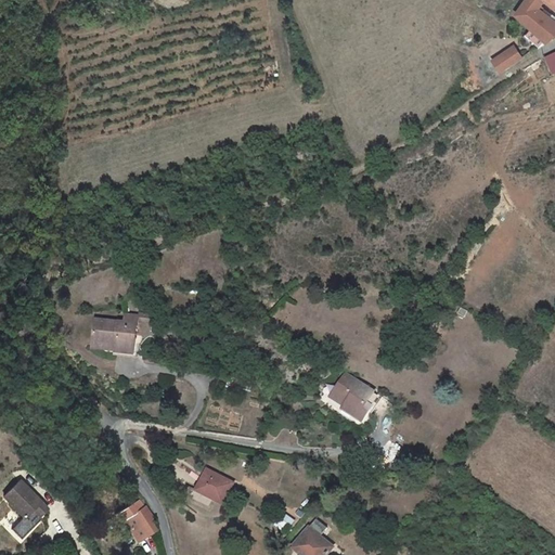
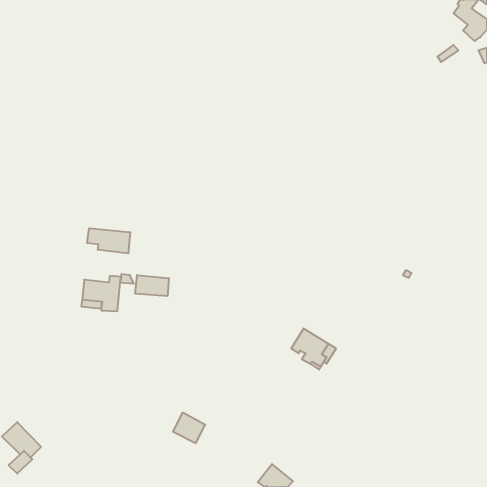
building: none -> [87,228,130,253]
building: none -> [135,275,169,296]
building: [122,505,155,541] -> none

